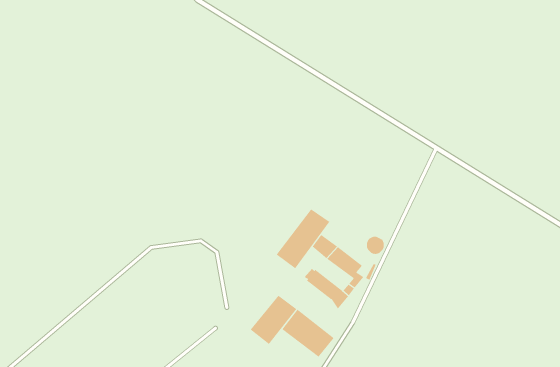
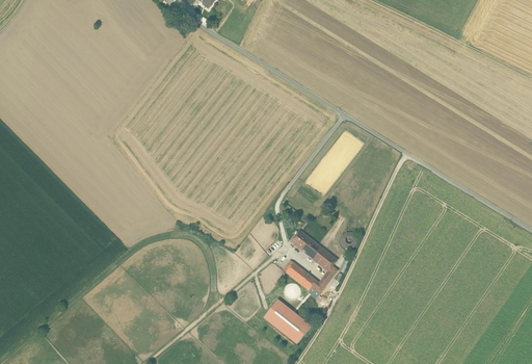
building: [276,208,330,269] -> none
building: [250,295,297,345] -> none

